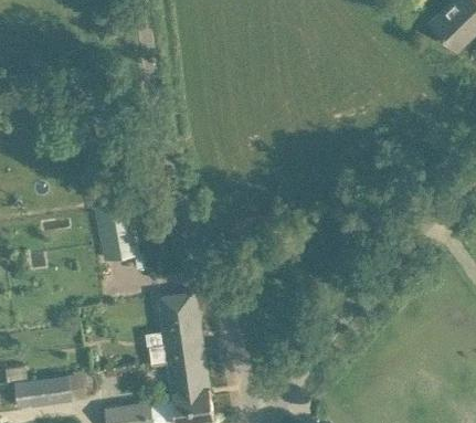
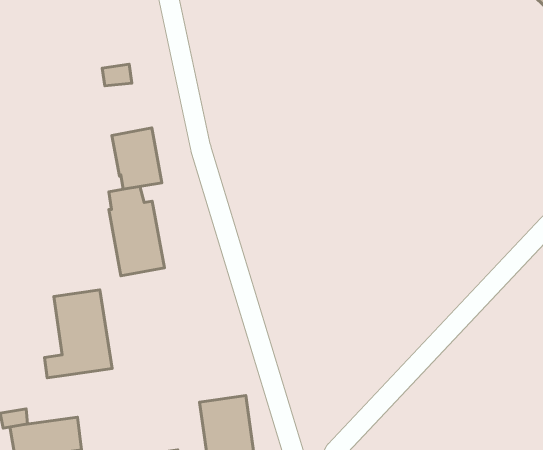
building: none -> [112,128,162,189]
building: [150,294,205,366] -> [44,290,112,378]

